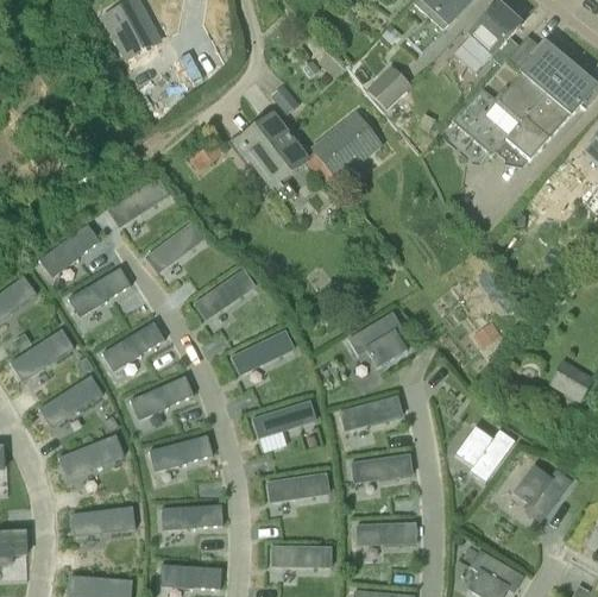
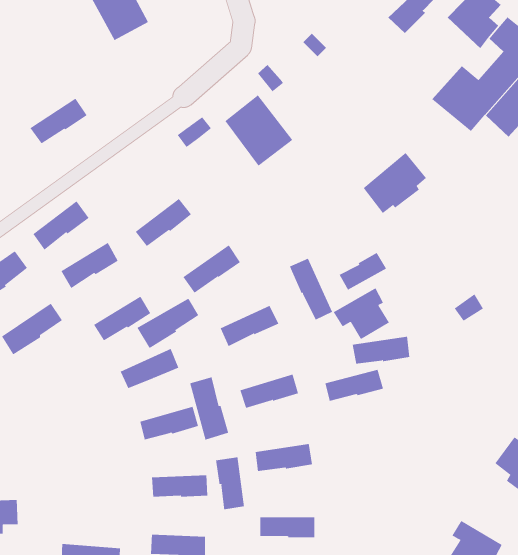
building: [365,64,411,111] -> none
building: [311,112,377,175] -> [363,152,427,214]
building: [108,178,168,226] -> [29,98,88,144]
building: none -> [339,252,387,290]
building: none -> [289,258,333,321]
building: [38,376,102,428] -> [136,298,199,349]
building: none -> [189,376,229,440]
building: [455,427,514,480] -> none
building: [58,435,125,479] -> none
building: [352,453,411,482] -> [352,336,410,364]
building: none -> [216,456,244,510]
building: [70,505,134,538] -> none
building: [358,522,415,545] -> none

